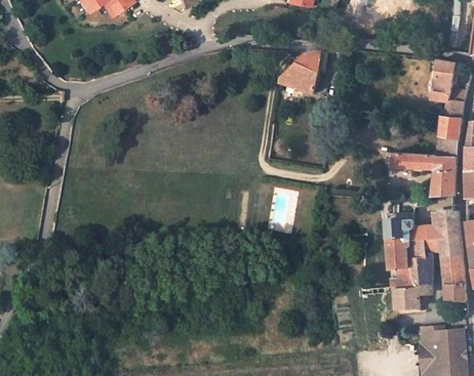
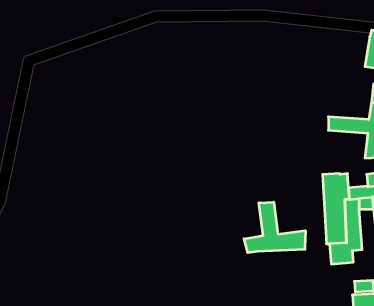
building: [280,52,322,94] -> none
building: none -> [244,202,305,253]

